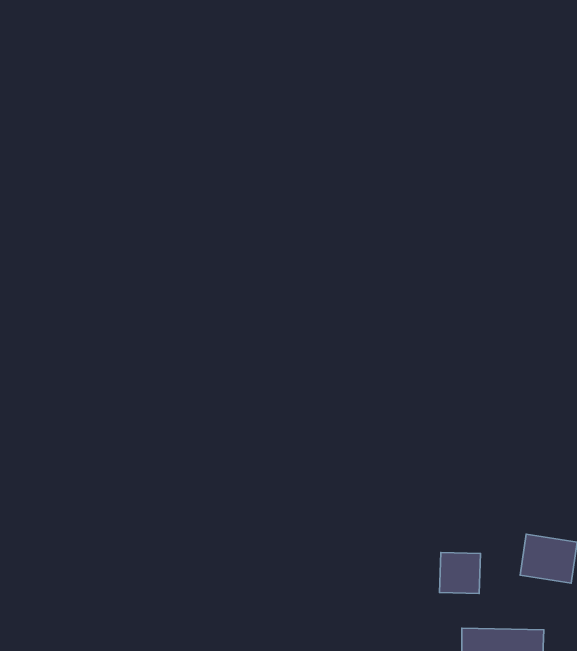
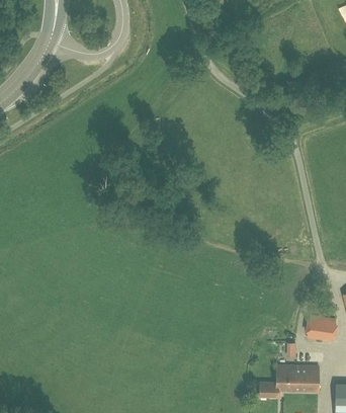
building: [440,552,480,593] -> none

